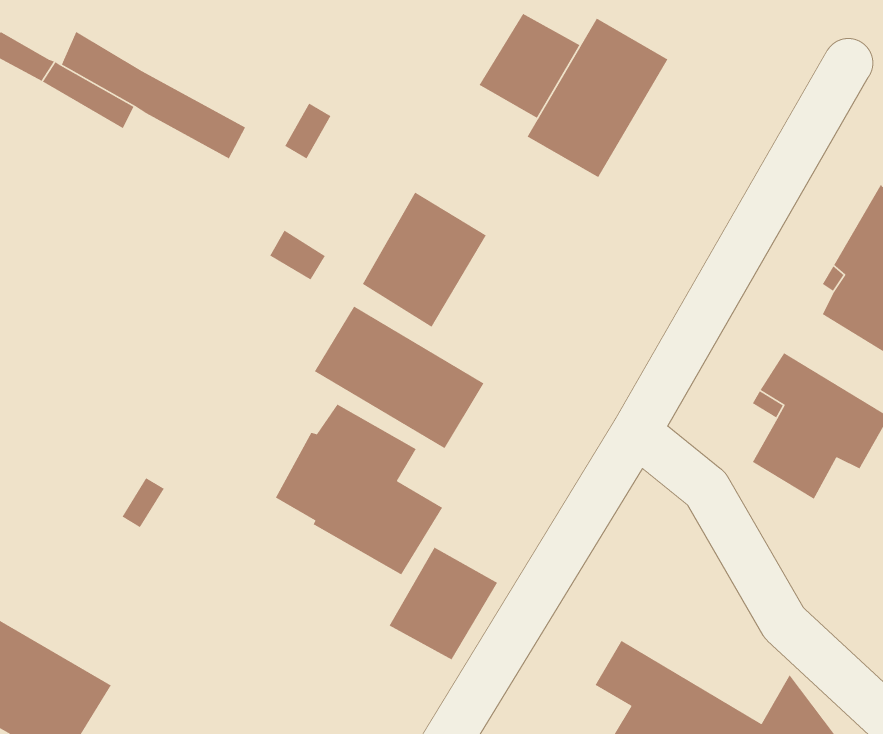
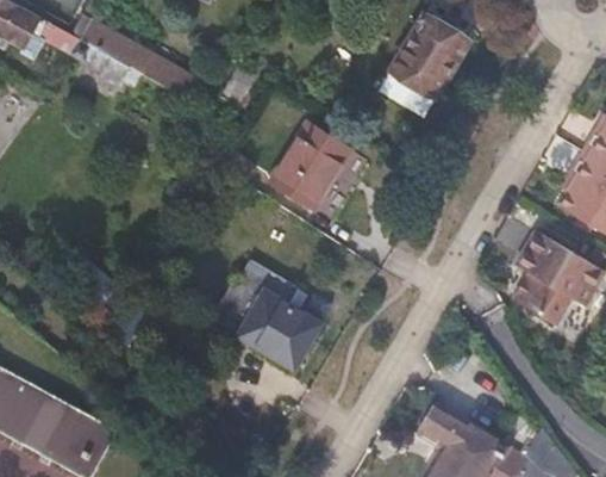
building: [479,13,580,119] -> none
building: [314,306,485,449] -> none
building: [388,546,498,660] -> none

